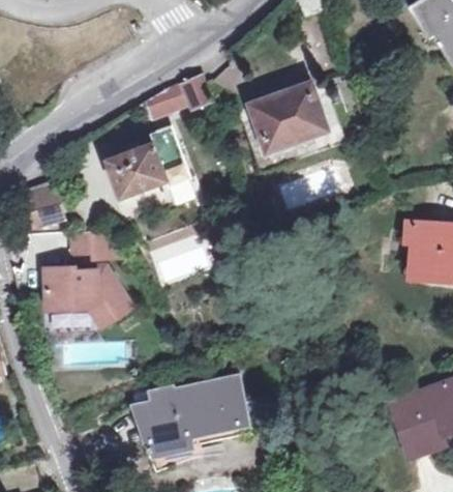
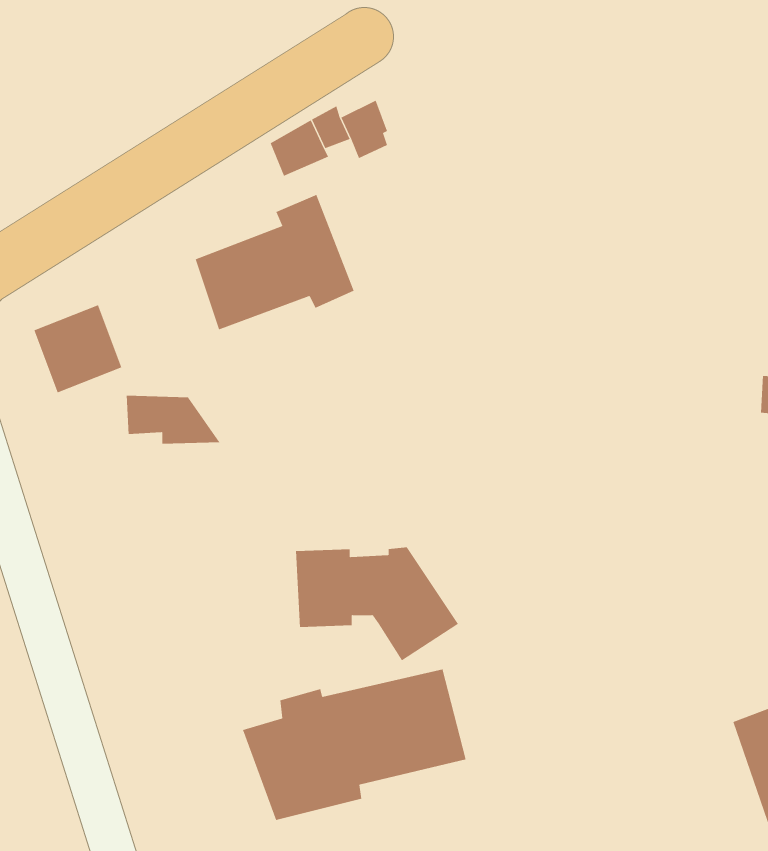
building: [251,86,324,150] -> none
building: [46,266,131,326] -> [295,547,459,661]

